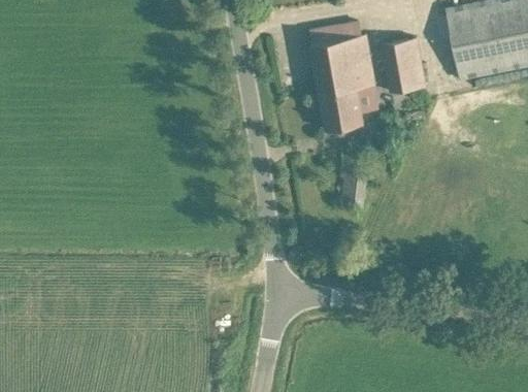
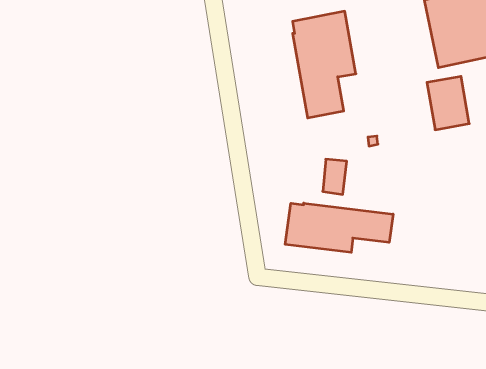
building: [383,37,426,92] -> [427,76,469,130]
building: none -> [285,203,393,252]

